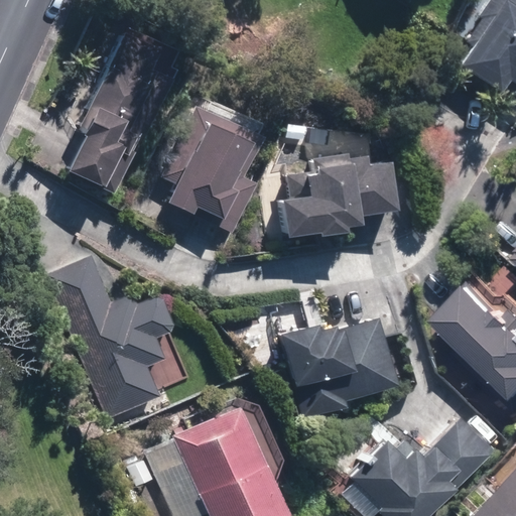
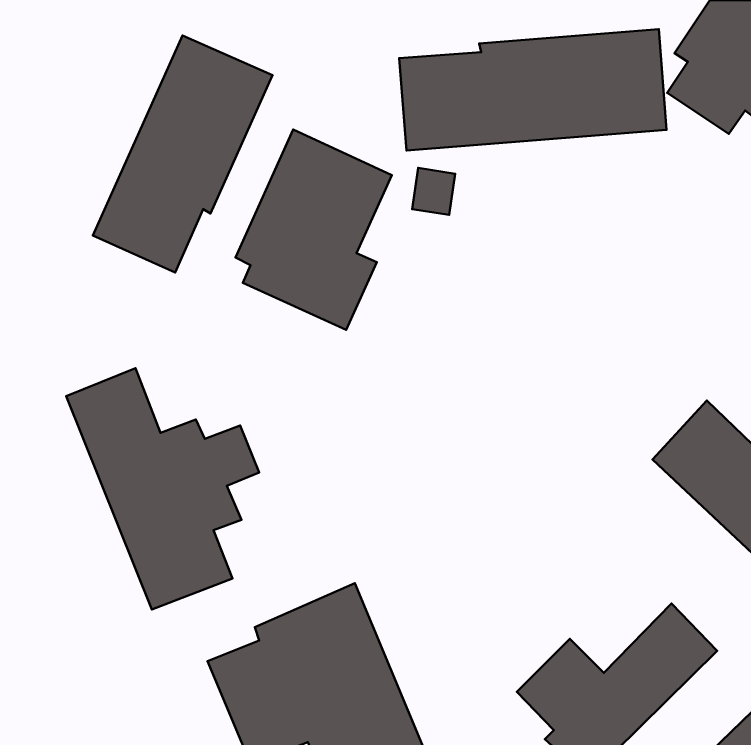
building: none -> [399,29,666,151]
building: [279,154,400,237] -> none
building: [278,315,400,419] -> none

